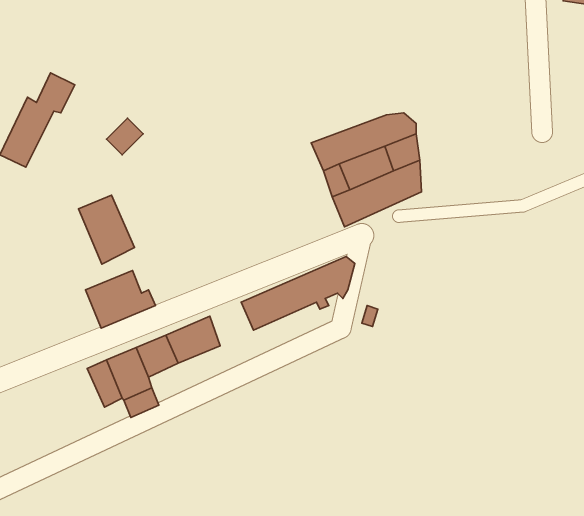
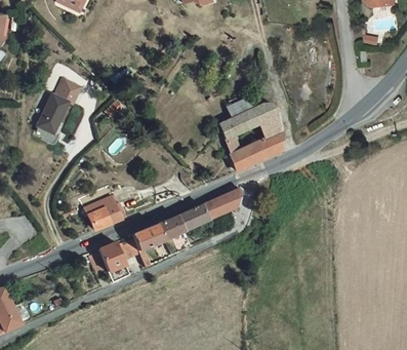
building: [79,195,134,264] -> none
building: none -> [159,213,185,239]

